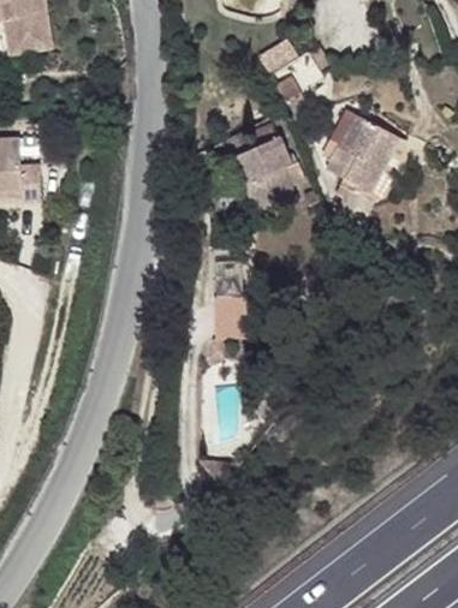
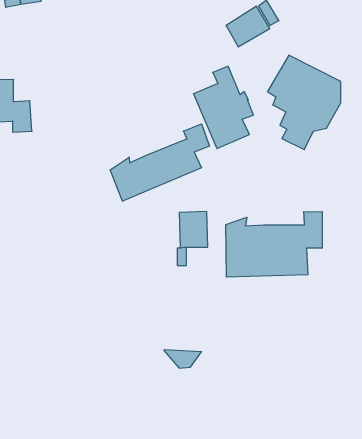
building: none -> [110,124,209,201]
building: none -> [226,212,322,277]

